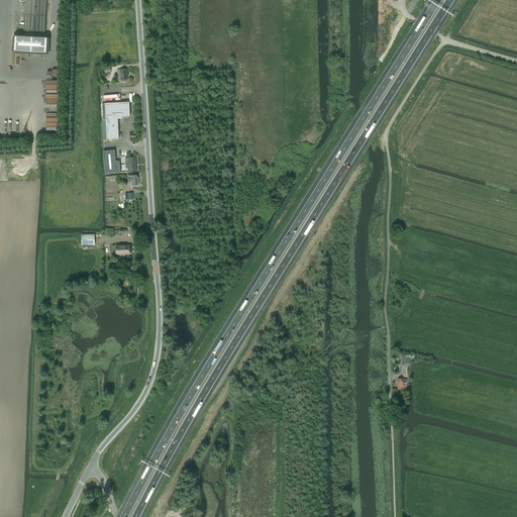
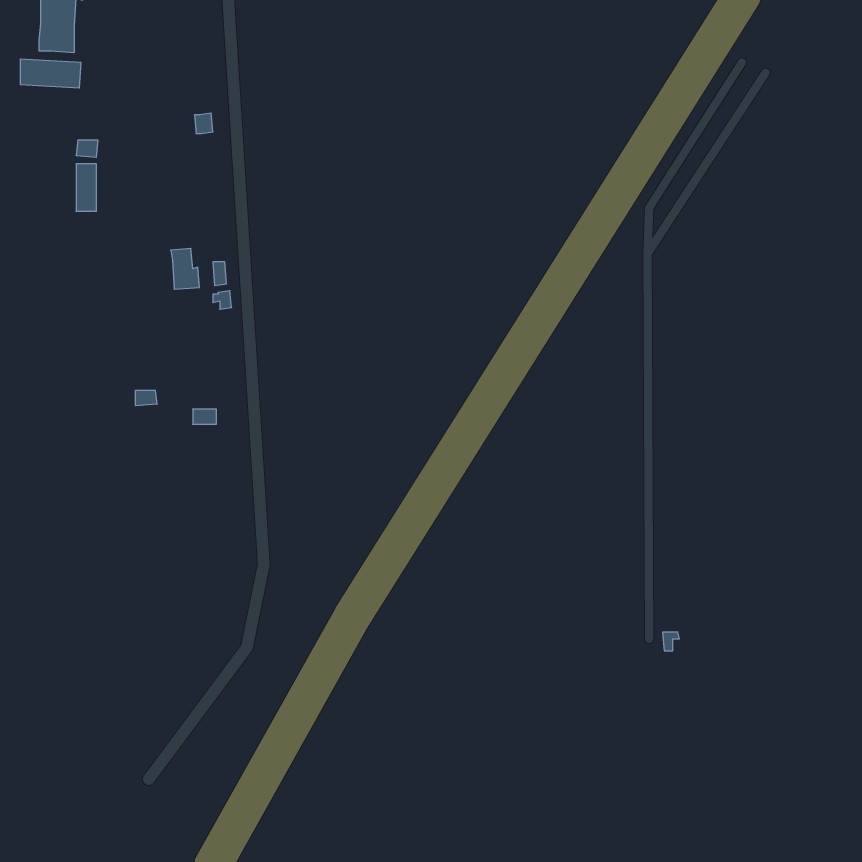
building: [104,101,129,138] -> none

